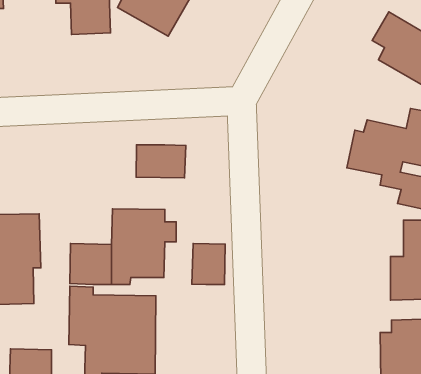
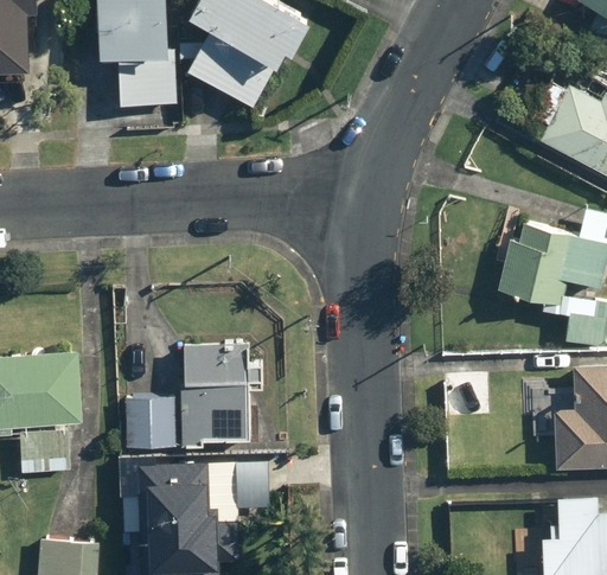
building: [136,145,186,178] -> none
building: [192,244,225,285] -> none

